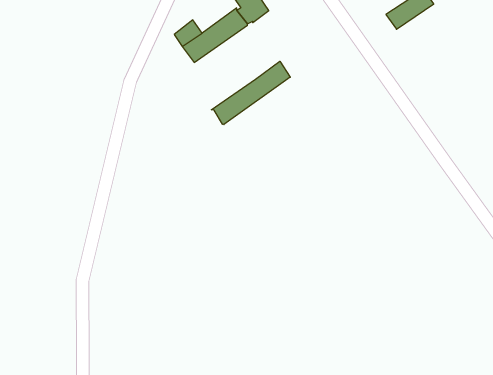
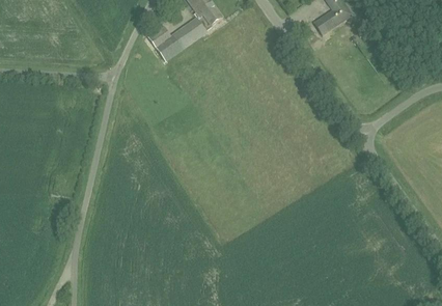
building: [211,61,290,125] -> none

